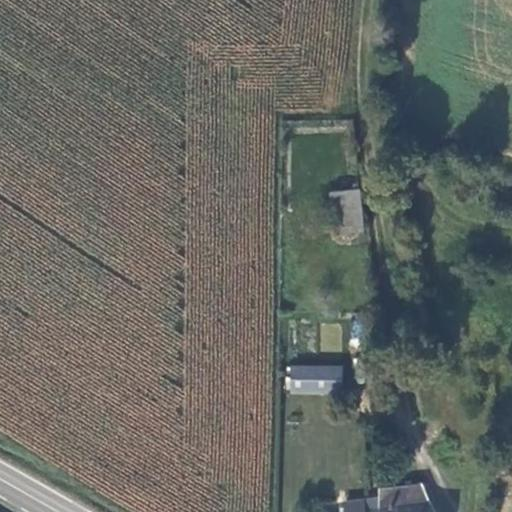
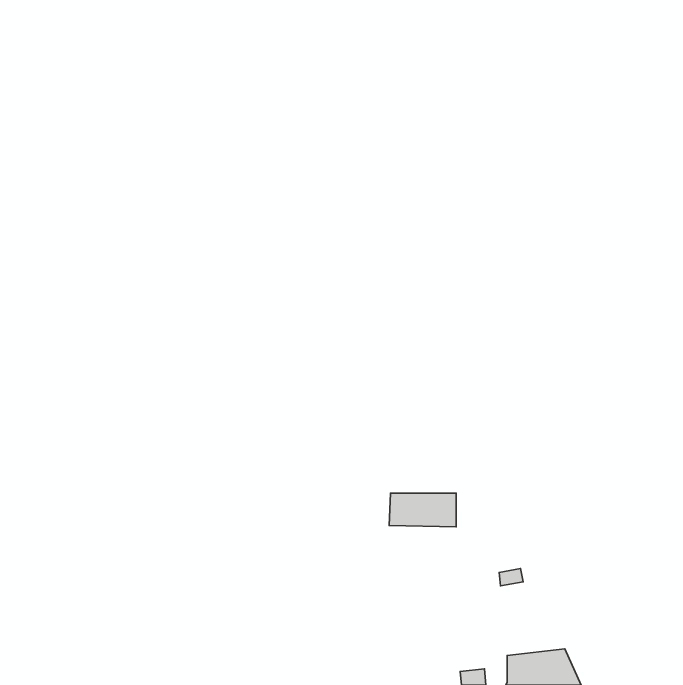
building: [330,189,362,233] -> none

